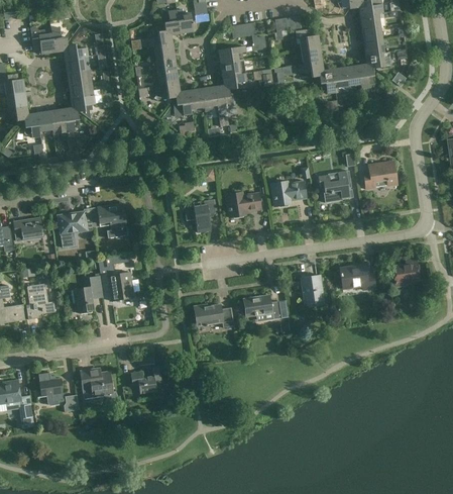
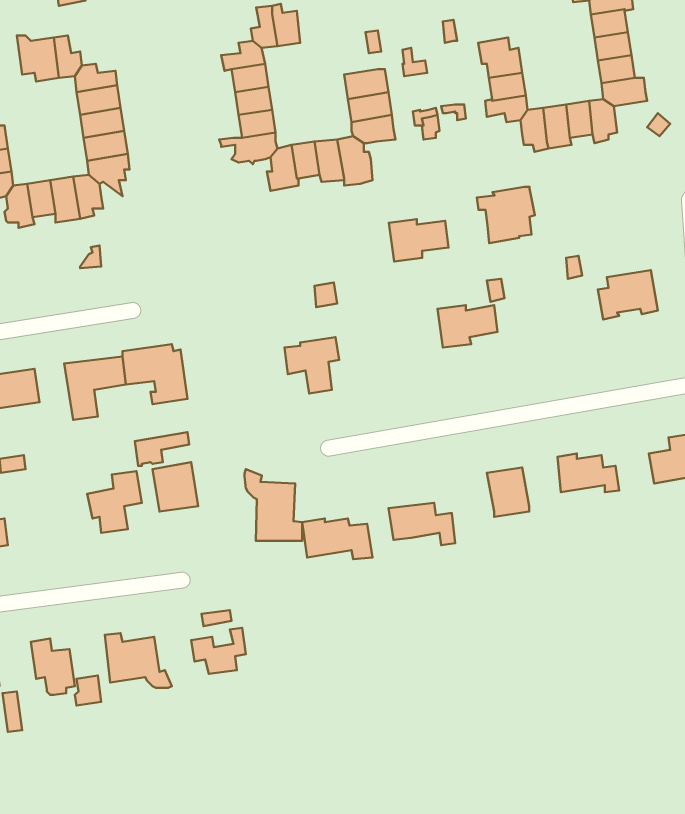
building: [318,171,351,203] -> [477,187,535,243]
building: [226,193,260,217] -> [389,219,449,261]
building: none -> [244,469,302,541]
building: [26,283,55,319] -> none

